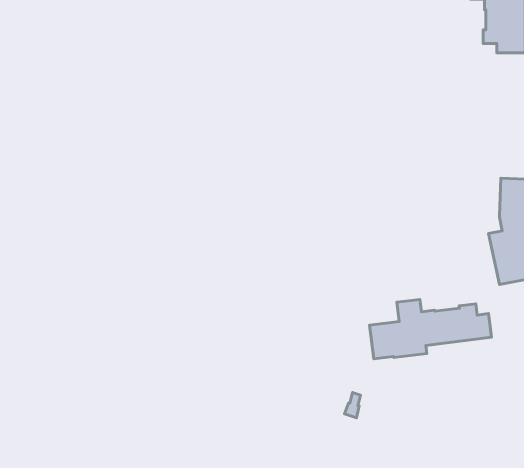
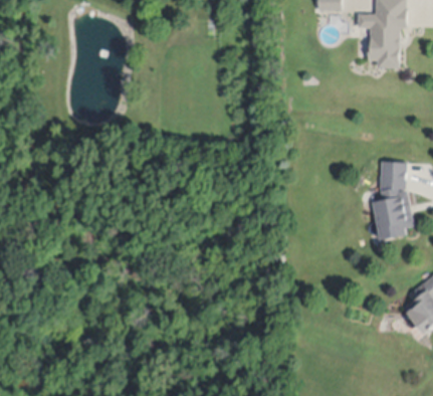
building: [370,299,492,359] -> none

